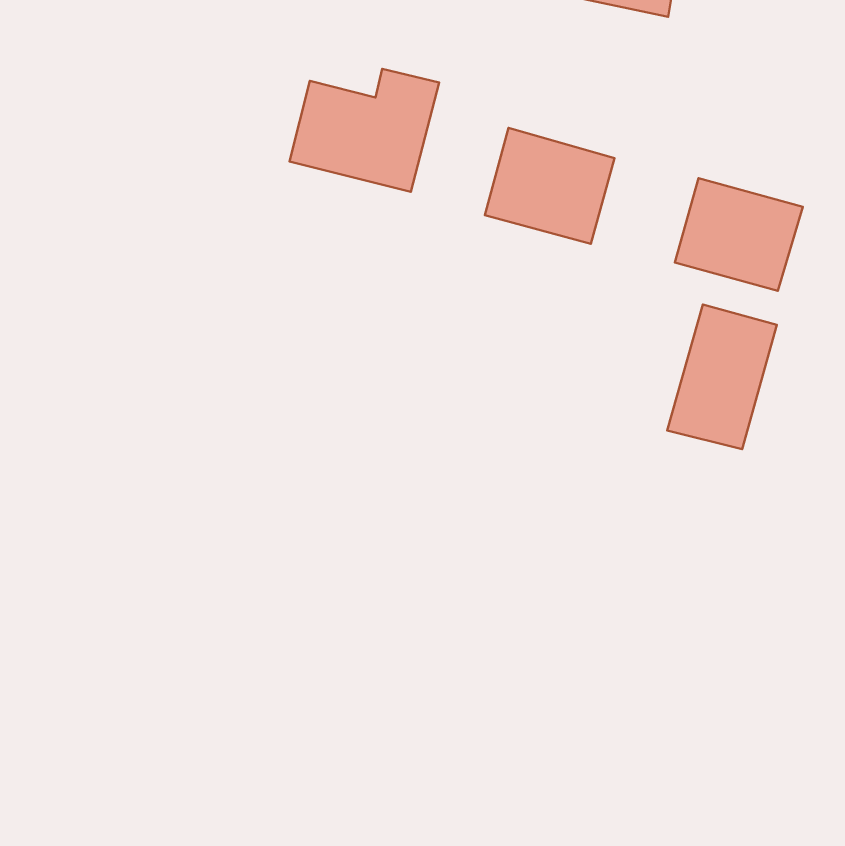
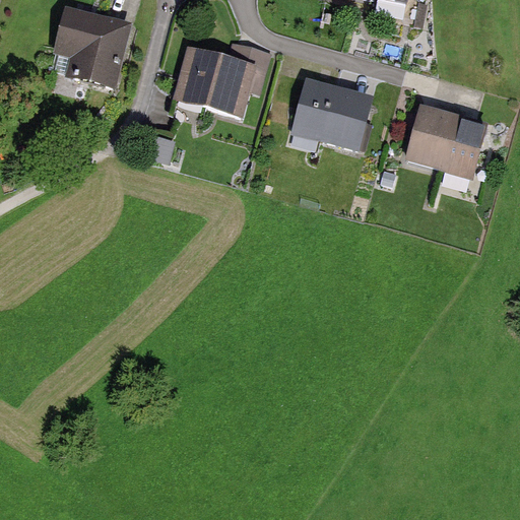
building: none -> [53,7,129,88]
building: [667,304,777,449] -> none

